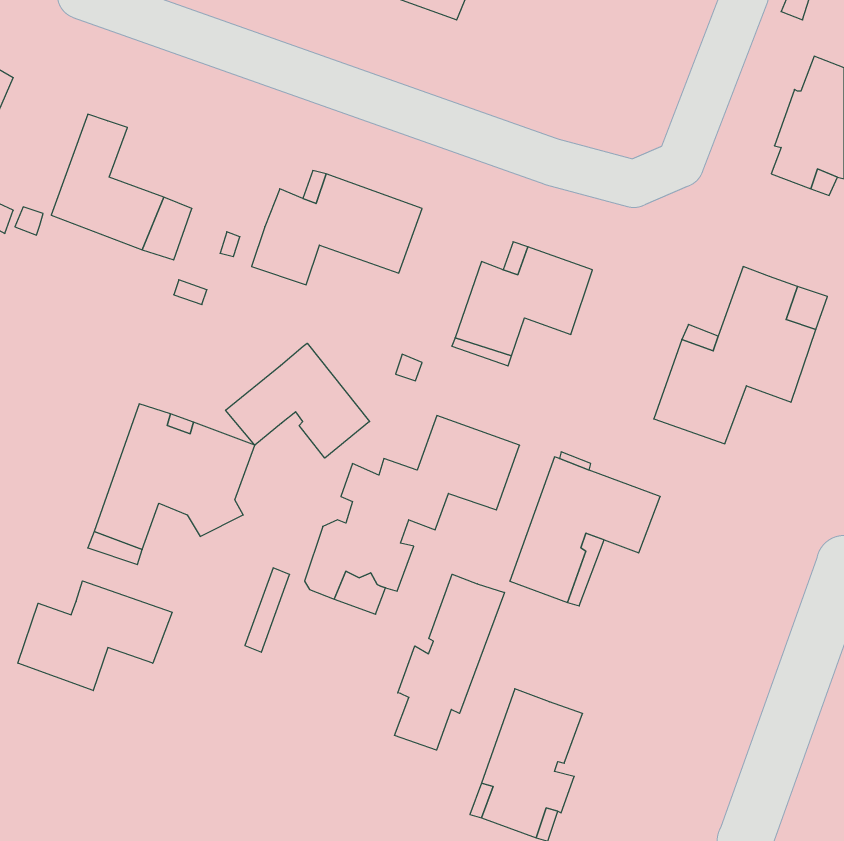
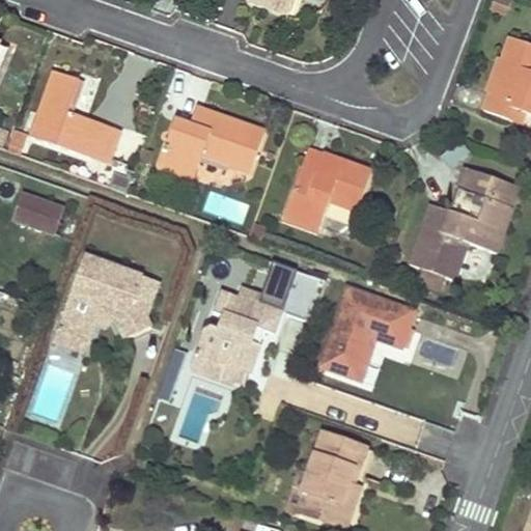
building: none -> [15,193,62,232]
building: [226,343,370,458] -> none
building: [394,574,504,750] -> none
building: [18,581,172,691] -> none

